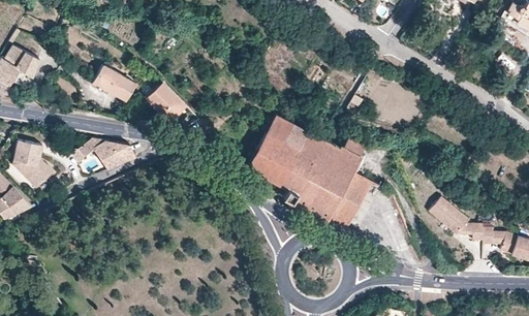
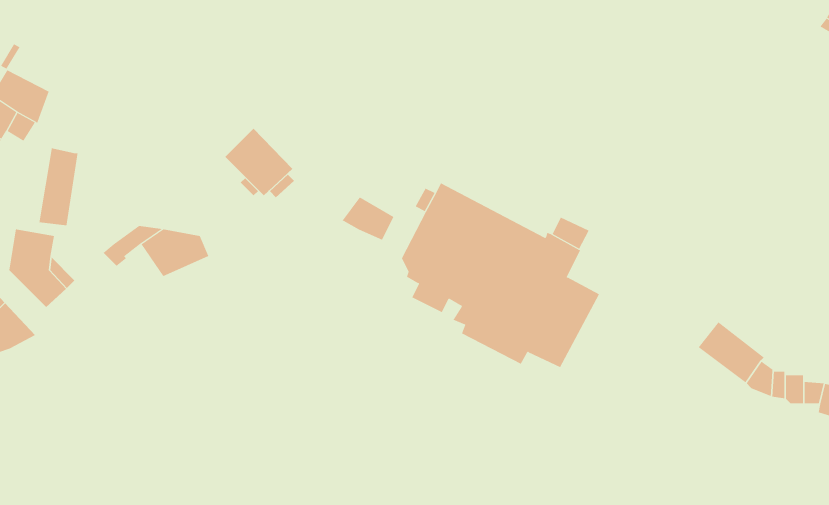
building: [93,63,135,99] -> none
building: none -> [39,148,78,226]
building: none -> [341,196,394,240]

